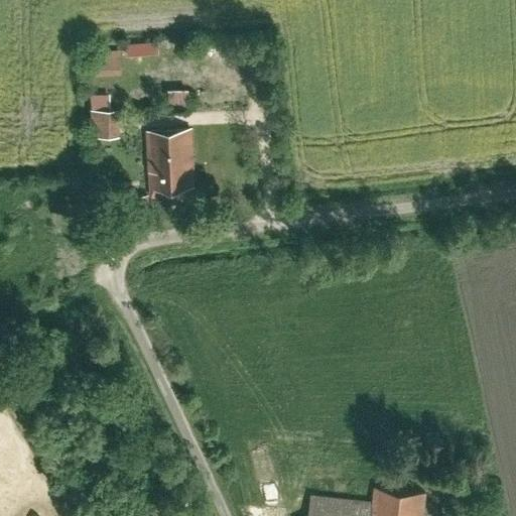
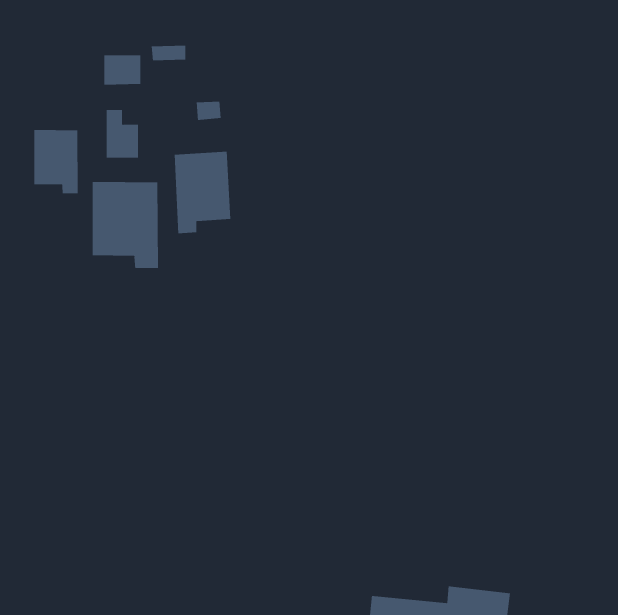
building: none -> [34,129,78,194]
building: none -> [92,181,158,269]

